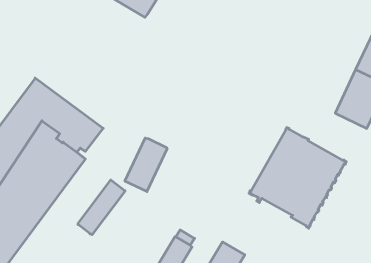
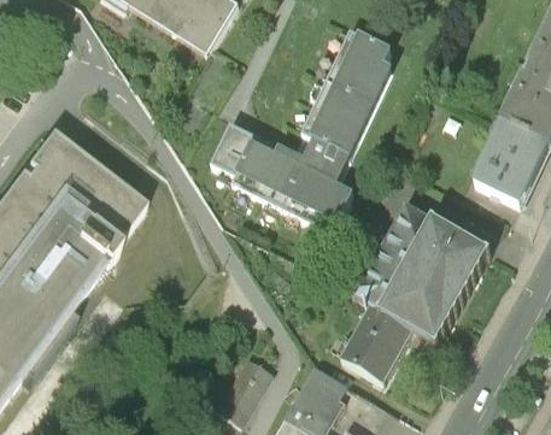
building: none -> [212,29,392,229]
building: [125,138,167,192] -> none
building: [78,180,125,235] -> none
building: none -> [341,304,415,382]

